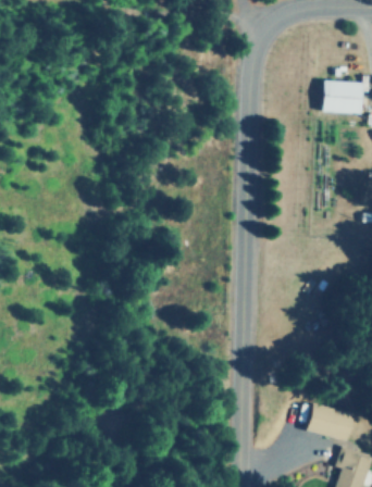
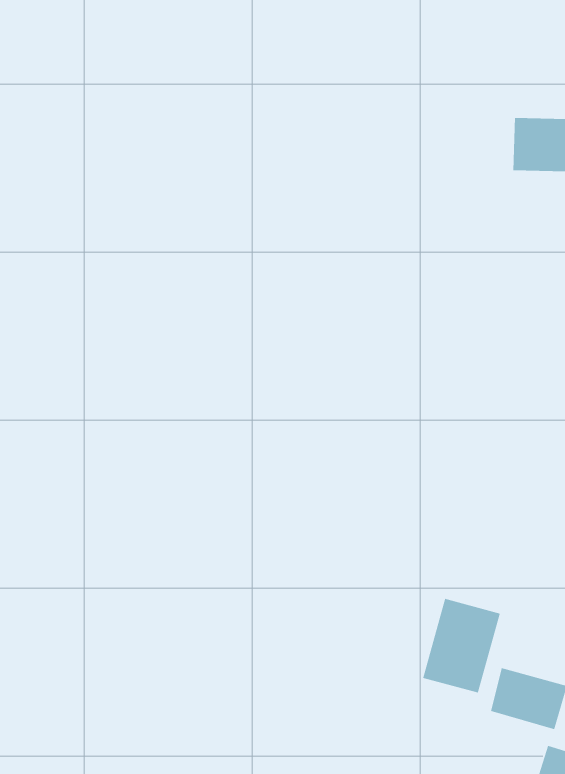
building: none -> [422,598,501,693]

